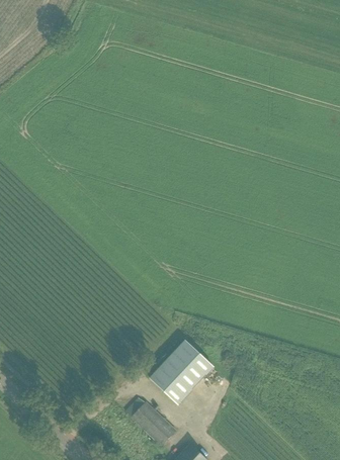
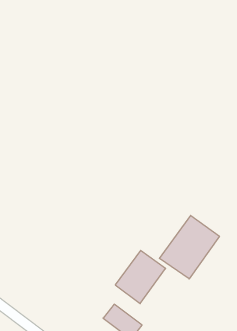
building: none -> [159,215,219,279]

